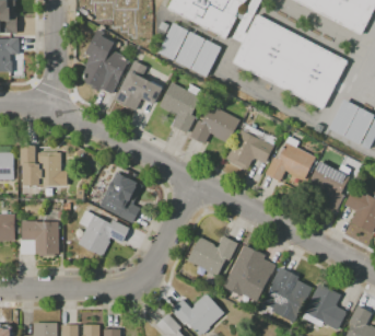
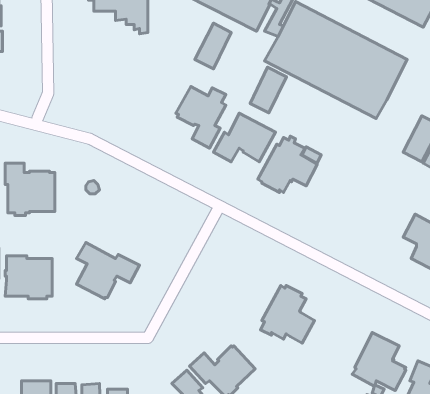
building: [159,23,188,60] -> none
building: [84,30,130,94] -> none
building: [191,40,221,78] -> [250,67,286,113]
building: [115,61,163,111] -> none
building: [329,100,359,137] -> none
building: [265,137,316,182] -> none
building: [308,161,351,213] -> none
building: [99,173,142,223] -> none
building: [188,236,238,276] -> none
building: [266,267,312,318] -> none

